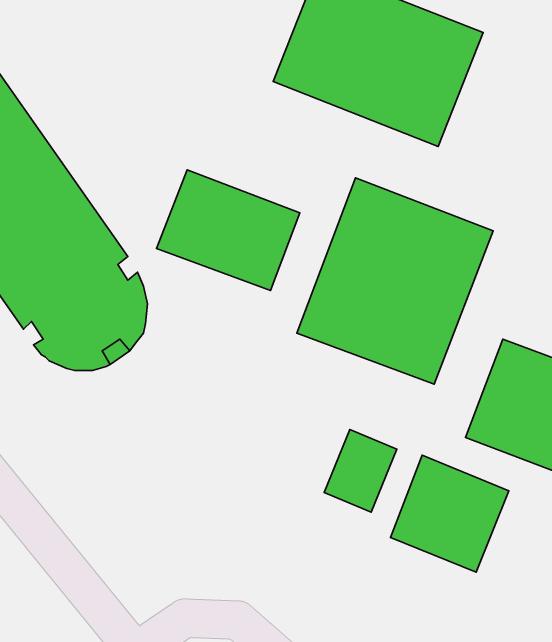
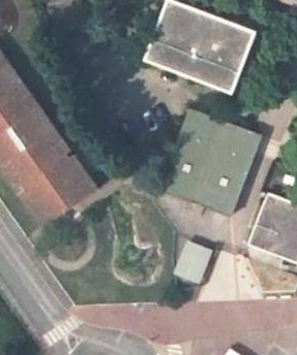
building: [156,170,300,290] -> none
building: [391,455,509,572] -> none

